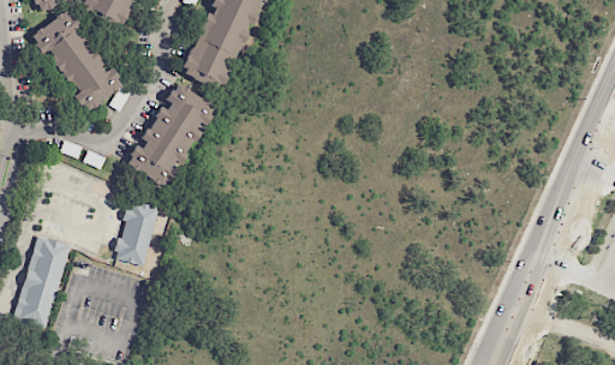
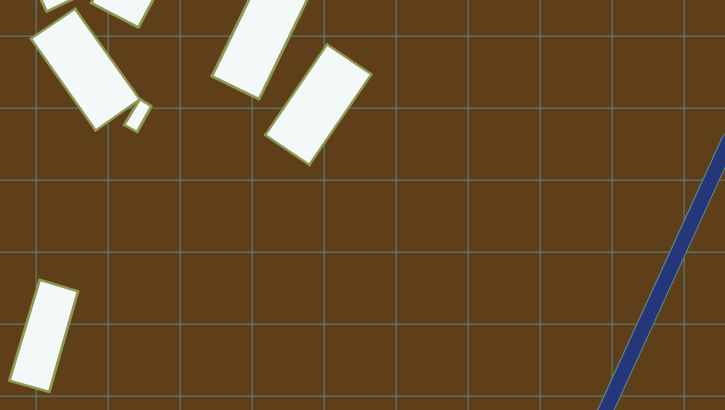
building: [126,84,215,185] -> [265,44,371,165]
building: [114,199,160,267] -> none

